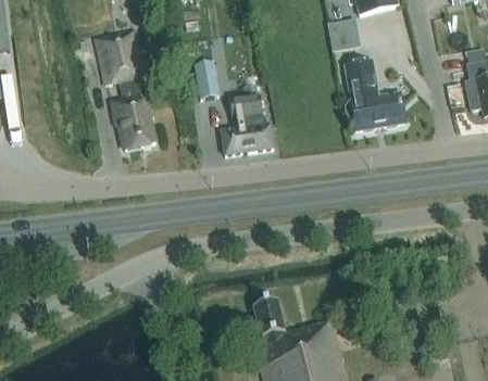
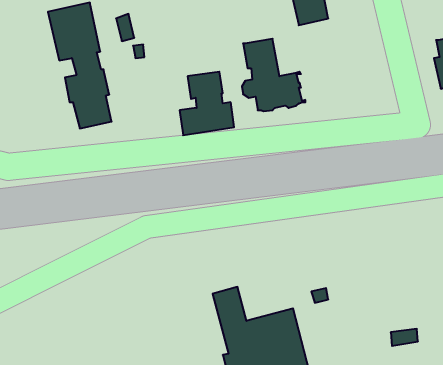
building: [192,60,216,97] -> none
building: [342,61,403,130] -> [242,39,305,111]

